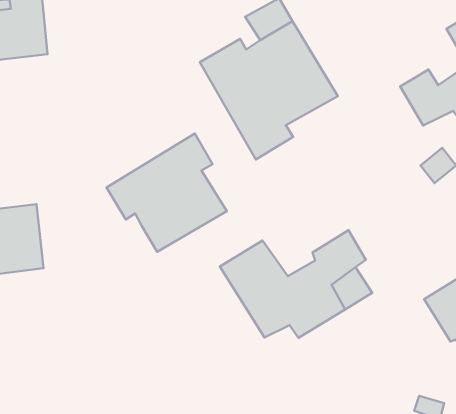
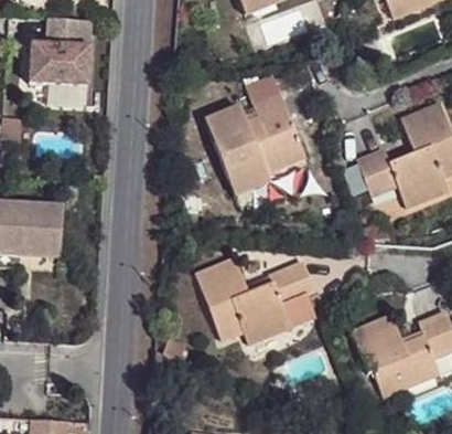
building: [106,134,227,252] -> none

